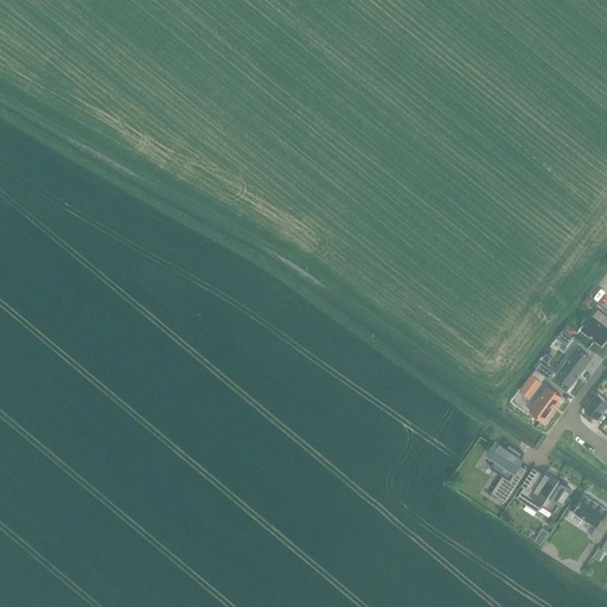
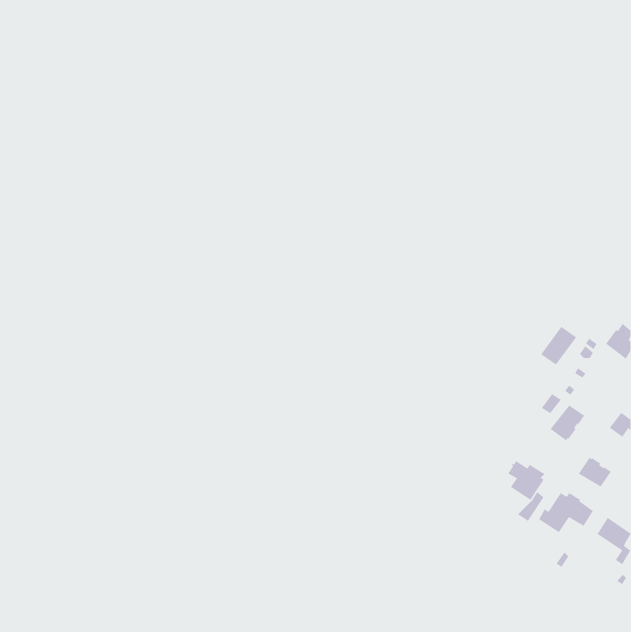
building: [554,349,589,386] -> [540,326,577,365]
building: none -> [578,456,612,487]

